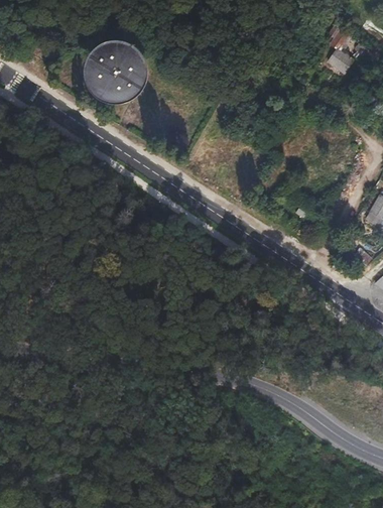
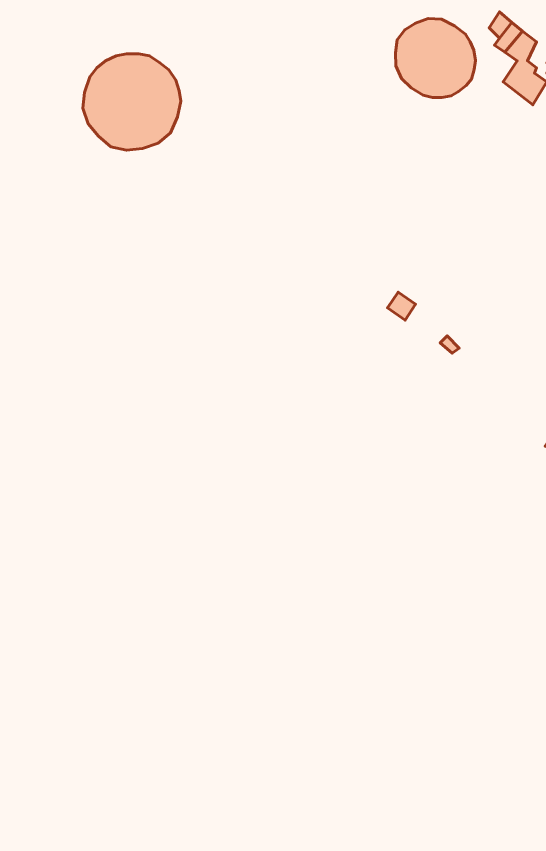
building: none -> [395,19,476,98]

